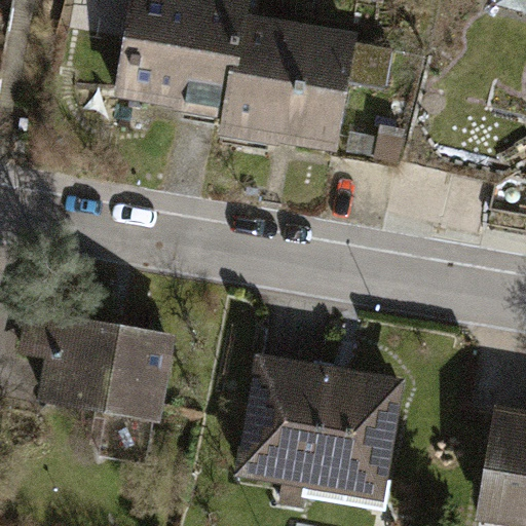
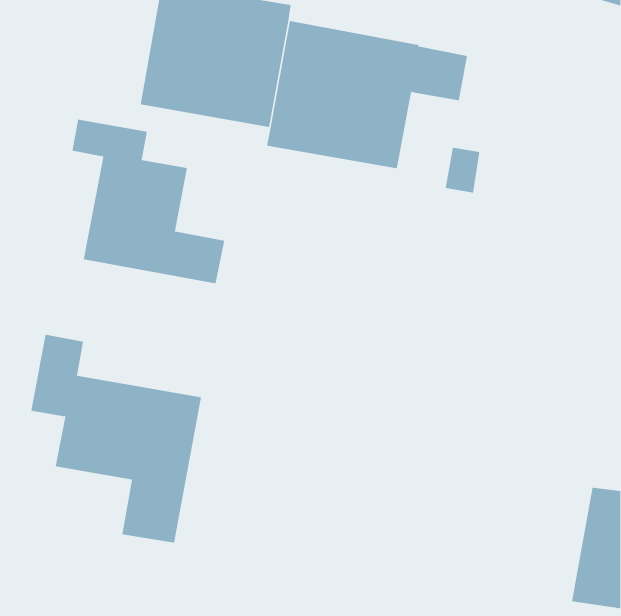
building: none -> [72,119,225,284]
building: [242,358,399,500] -> none

